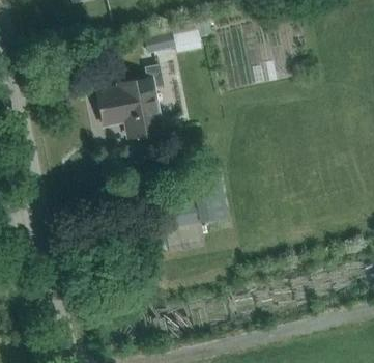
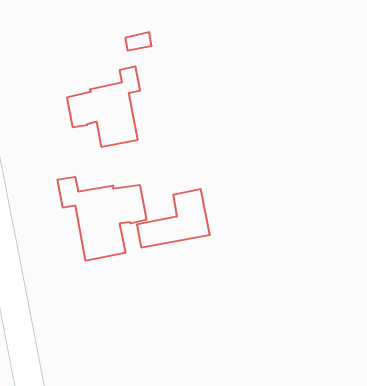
building: none -> [57,177,146,261]

